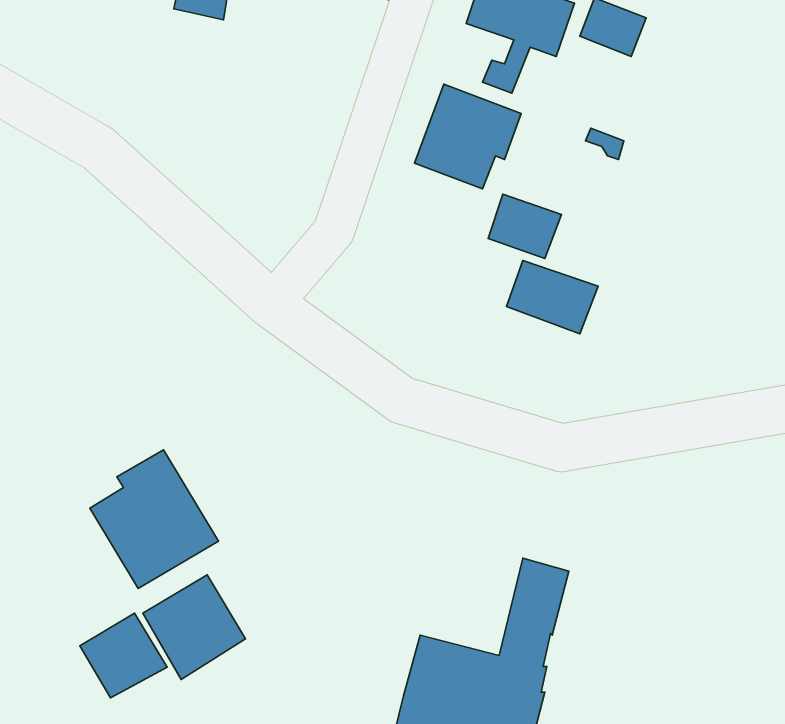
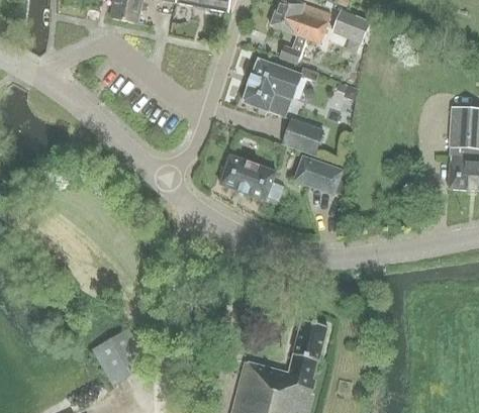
building: none -> [219,154,283,200]
building: [90,450,219,589] -> none
building: [80,613,167,698] -> none

